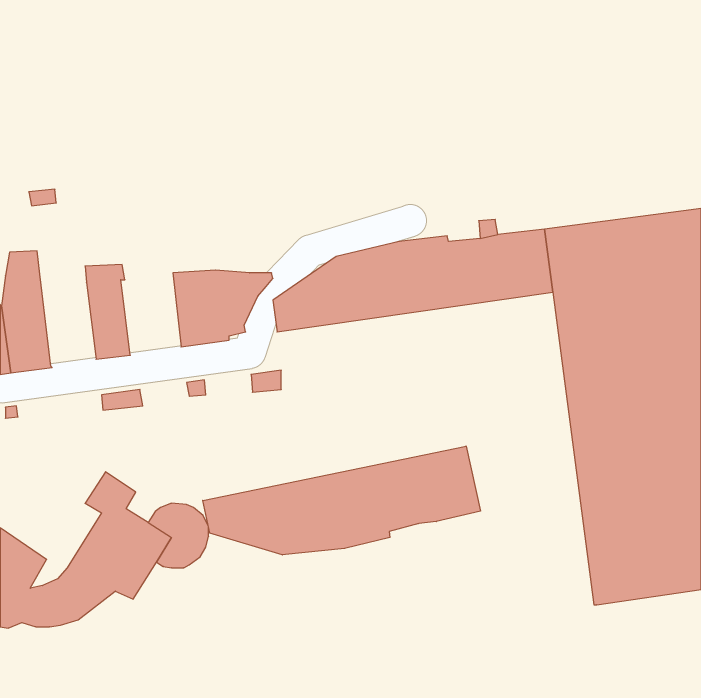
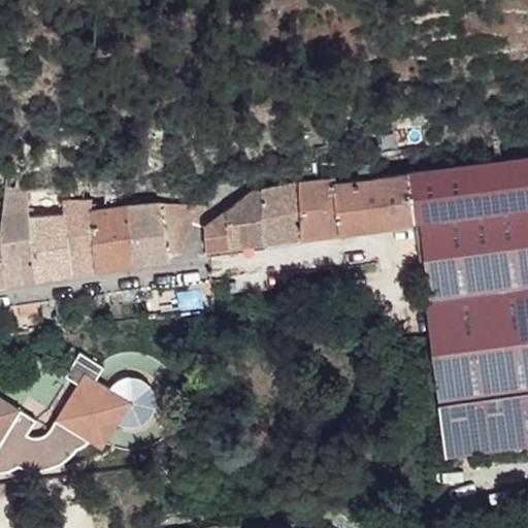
building: none -> [91,207,136,269]
building: none -> [31,214,72,278]
building: [203,446,480,555] -> none

